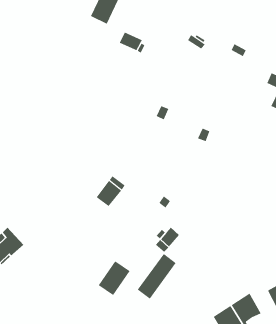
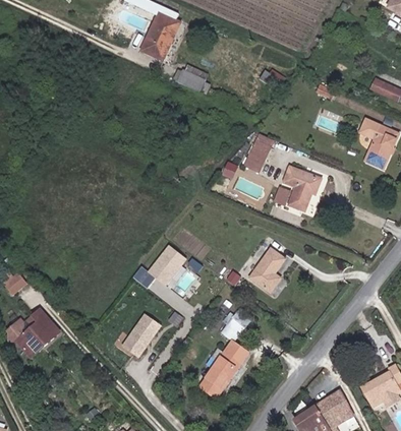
building: none -> [243,132,273,172]
building: none -> [284,167,321,210]
building: none -> [249,248,285,293]
building: [98,260,131,296] -> [120,312,161,356]

